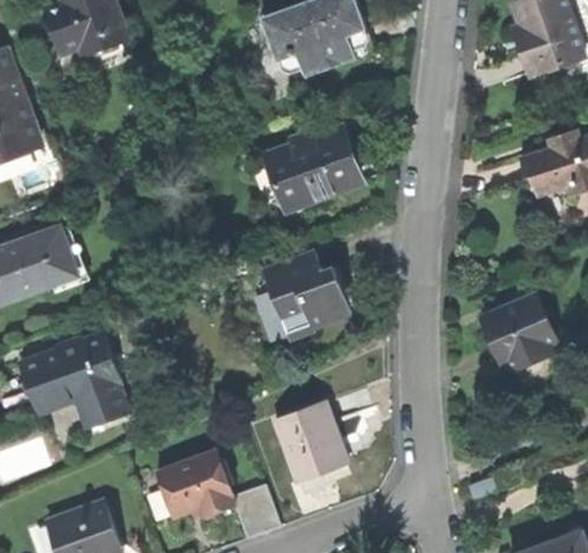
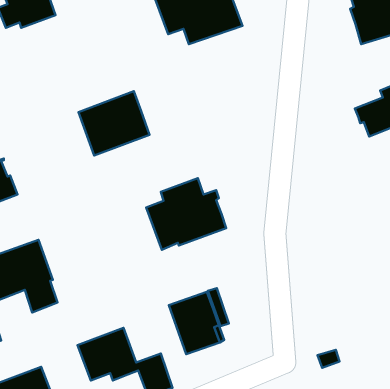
building: [263,127,356,212] -> [79,91,149,156]
building: [481,295,555,371] -> none

